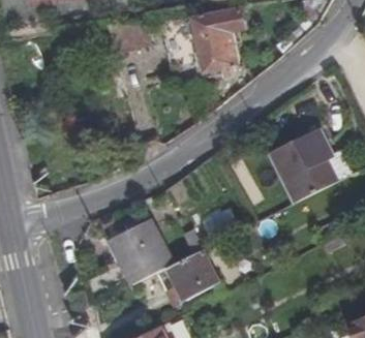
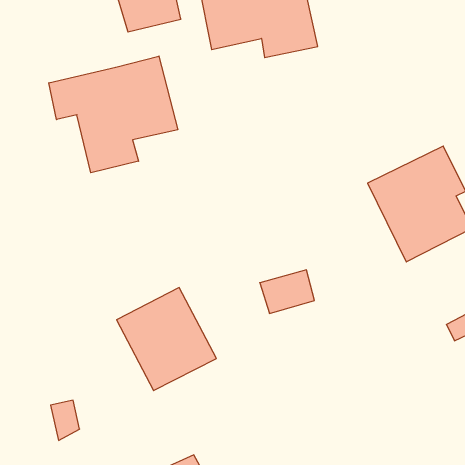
building: none -> [49,56,178,173]
building: [166,252,219,302] -> none

